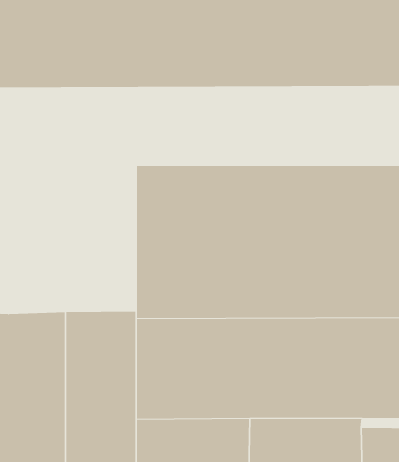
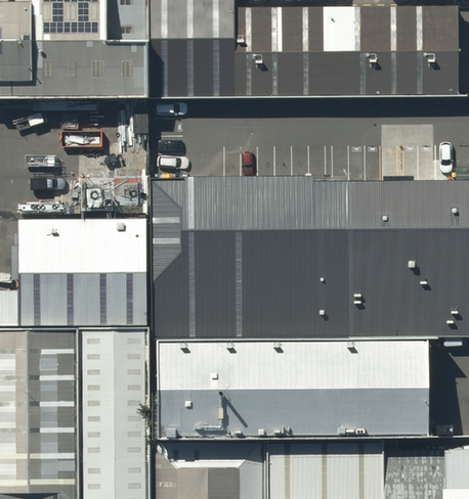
building: none -> [16,214,151,330]

